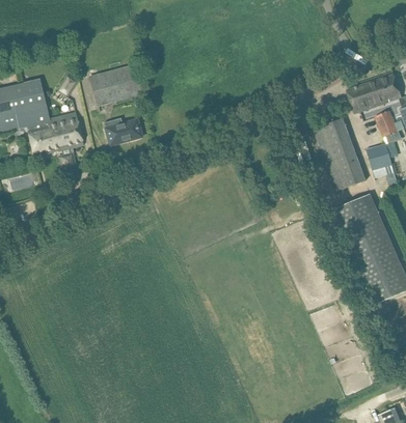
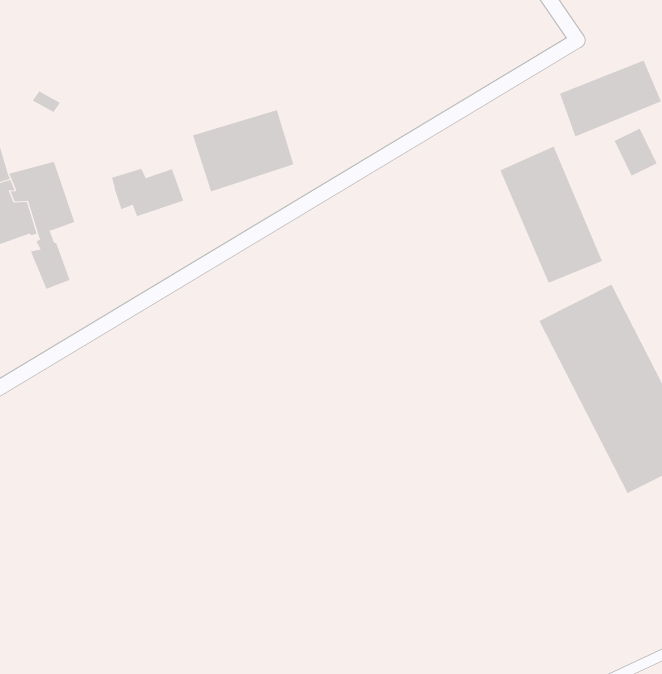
building: [88,63,142,106] -> [192,109,294,192]
building: [367,143,391,169] -> none

